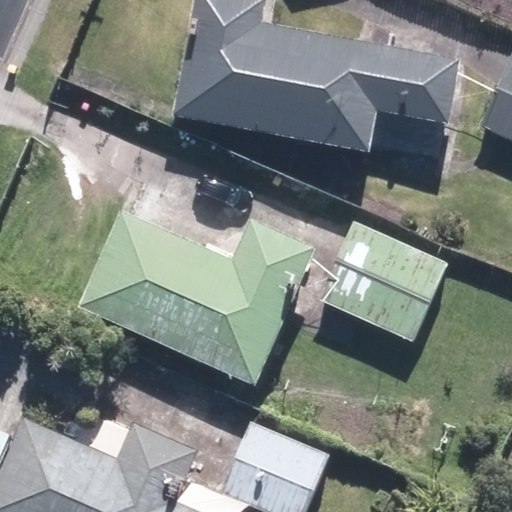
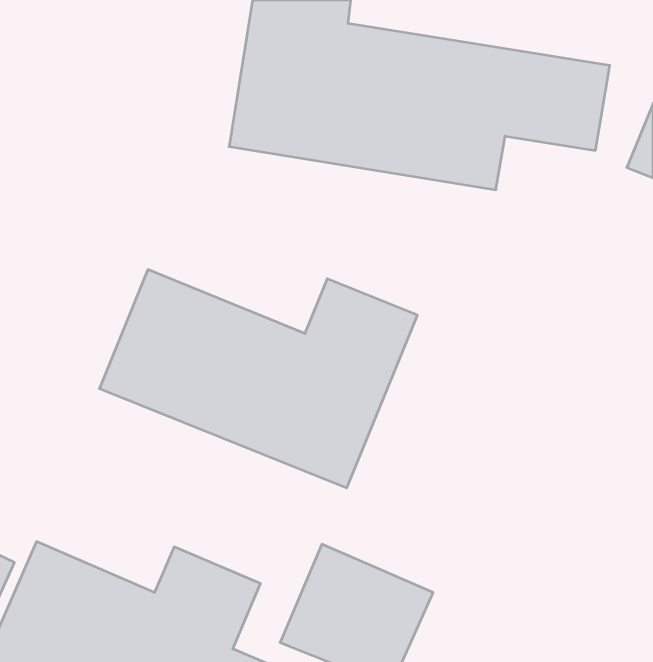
building: [314,231,442,349] -> none

